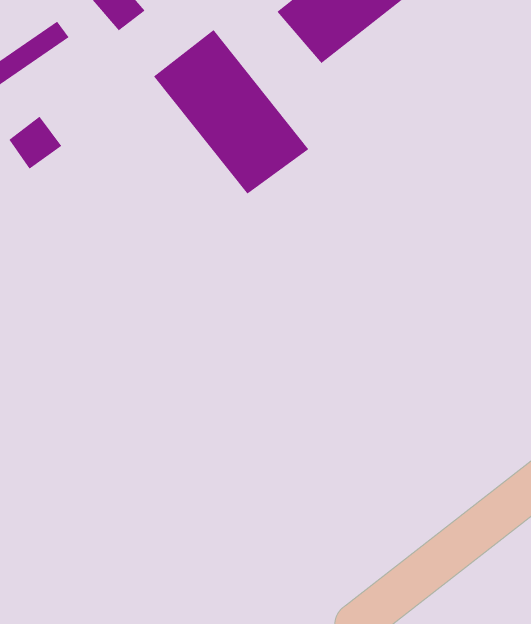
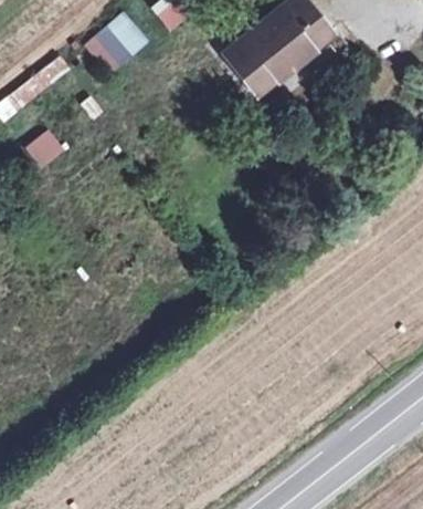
building: [153,29,309,194] -> none

